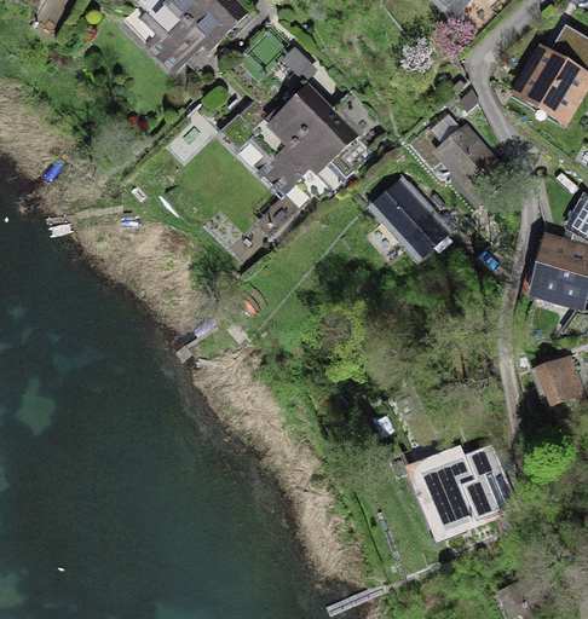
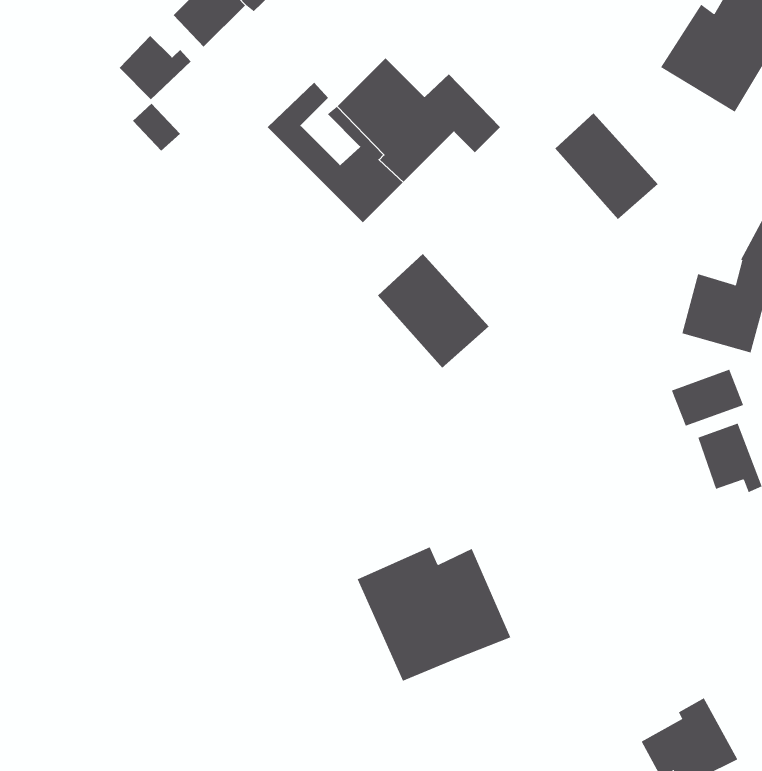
building: none -> [119,35,192,100]
building: [368,174,451,260] -> [377,253,489,369]
building: none -> [671,369,744,426]
building: [404,441,519,542] -> [357,547,511,681]

